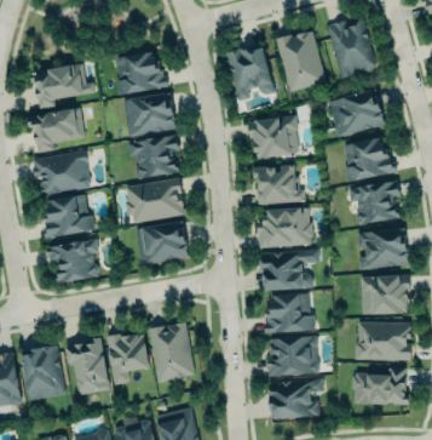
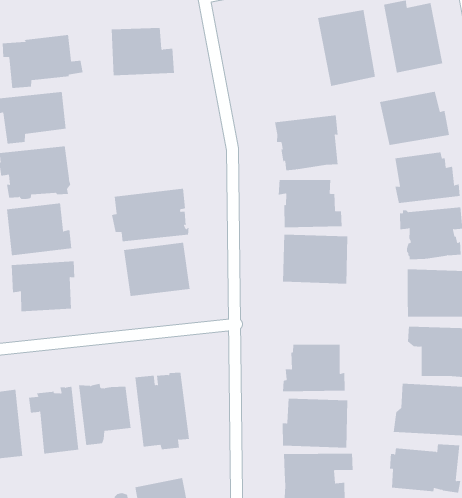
building: [225,47,275,102] -> none
building: [122,92,175,137] -> none
building: [127,135,179,181] -> none
building: [260,248,319,291] -> none

